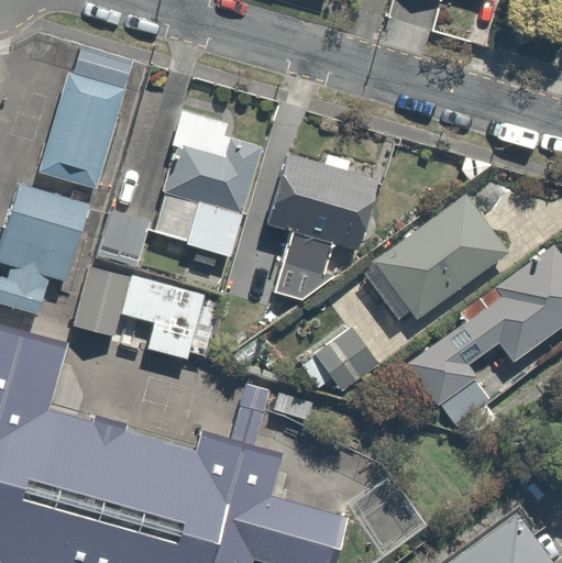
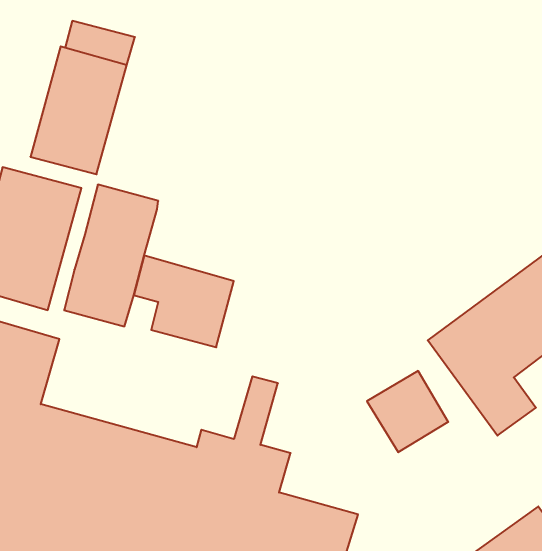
building: [154,111,261,253] -> none
building: [268,150,385,306] -> none
building: [376,198,511,325] -> none
building: [308,320,385,397] -> [367,371,448,452]

